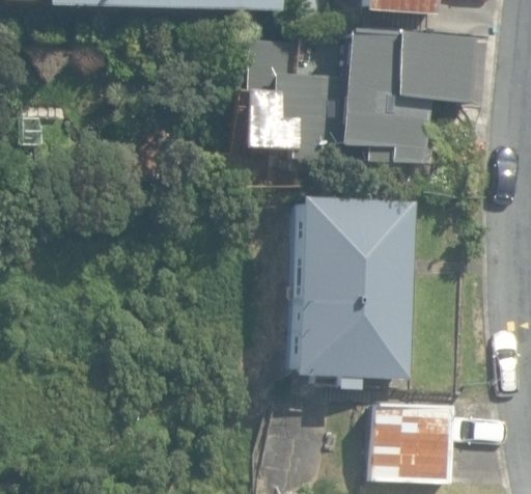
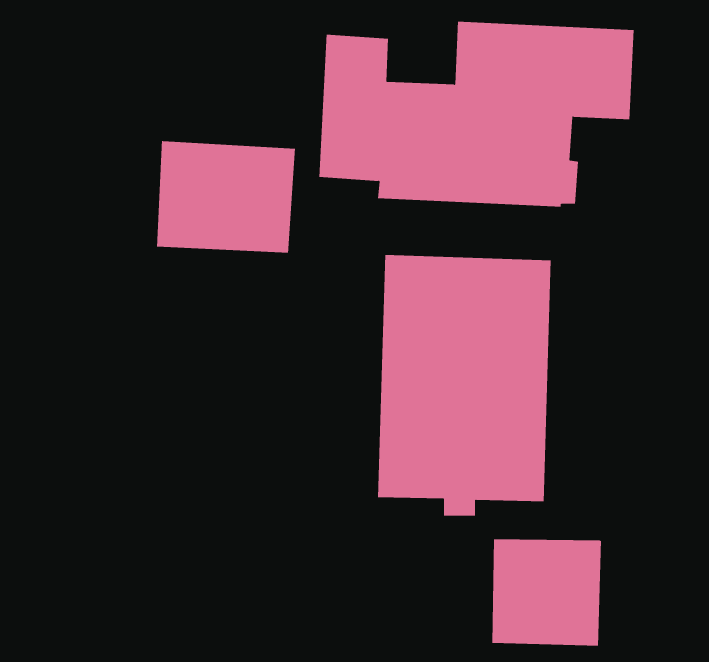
building: none -> [156,140,295,254]

